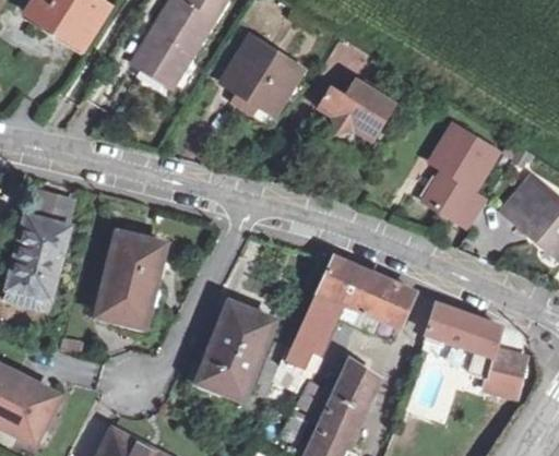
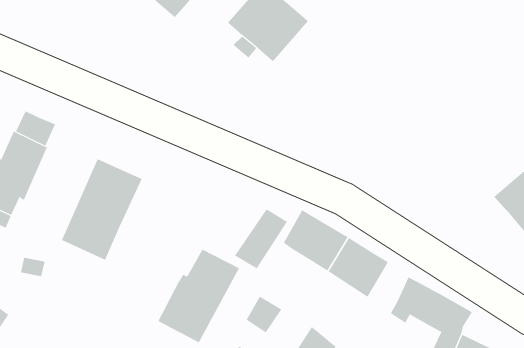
building: [317,80,394,142] -> none
building: [421,125,496,228] -> none
building: [295,291,342,351] -> [234,208,288,269]

